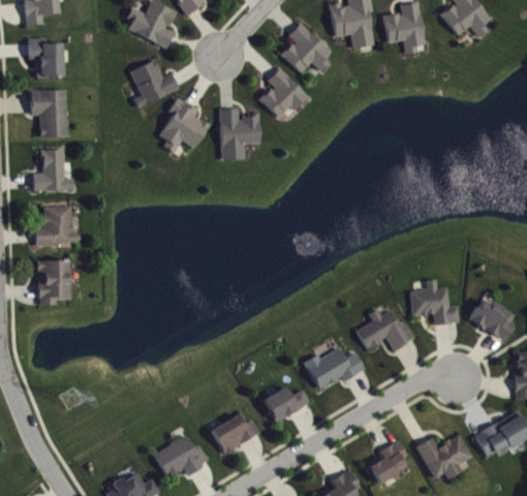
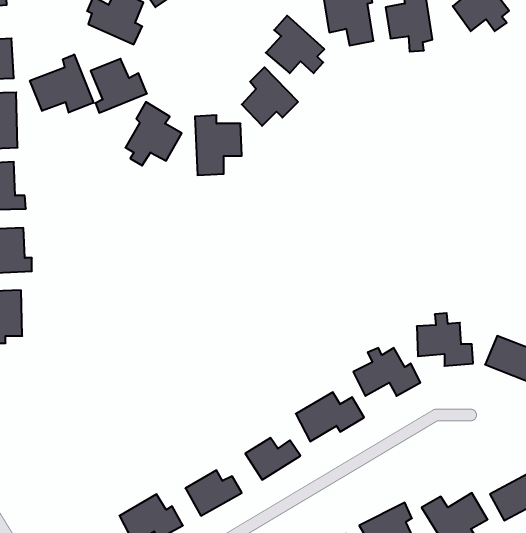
building: none -> [30,54,94,113]

